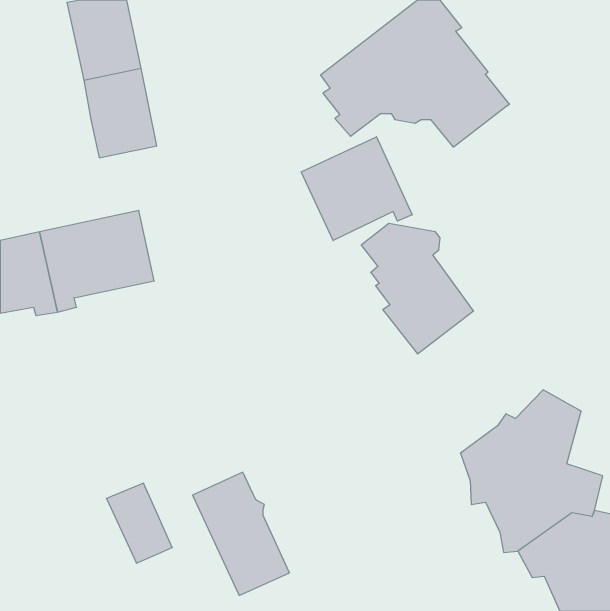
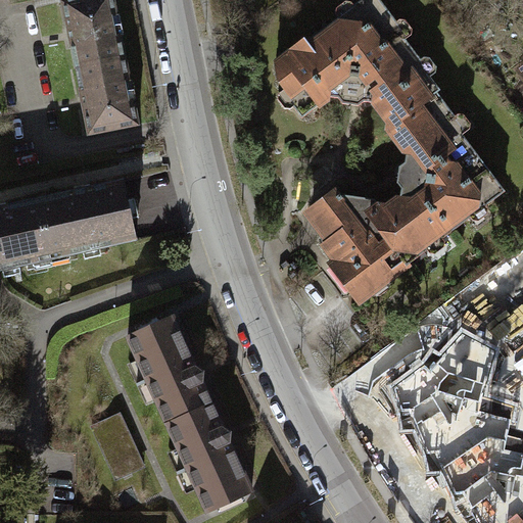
building: none -> [371,91,503,266]
building: [301,137,412,241] -> none
building: none -> [126,317,208,423]

